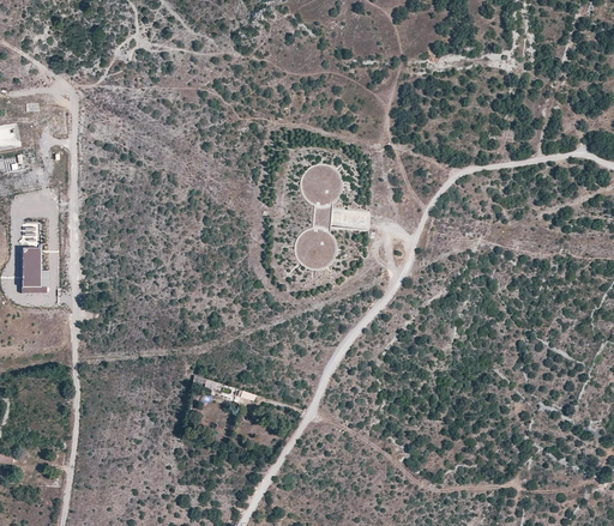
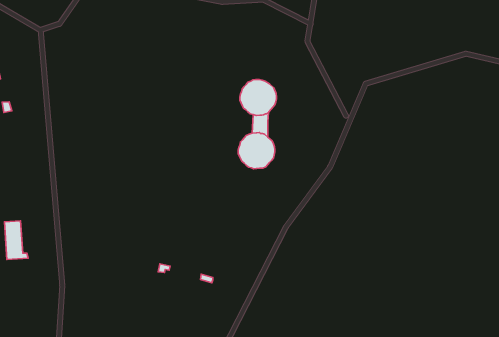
building: [22,247,47,291] -> [4,221,28,259]

